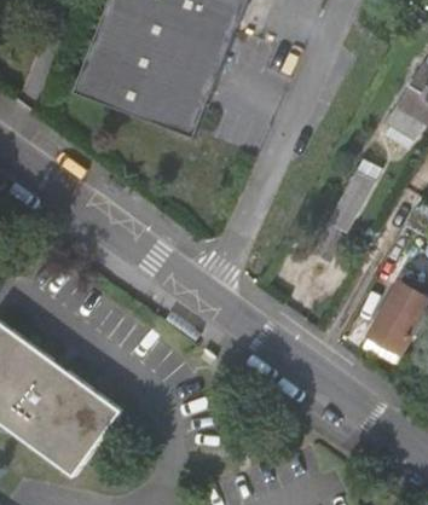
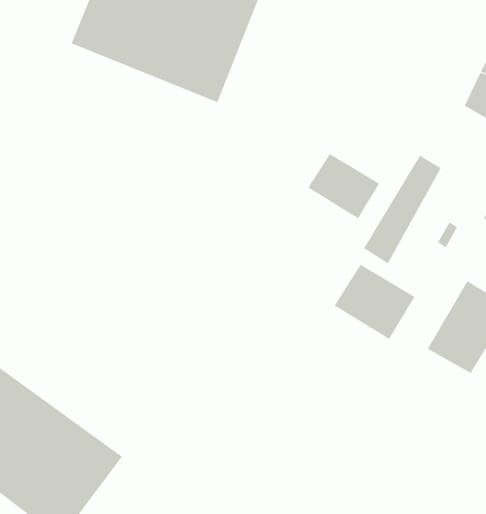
building: none -> [308,153,380,219]
building: none -> [334,264,415,340]

